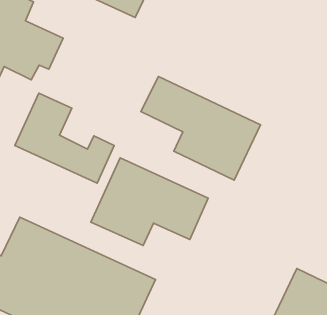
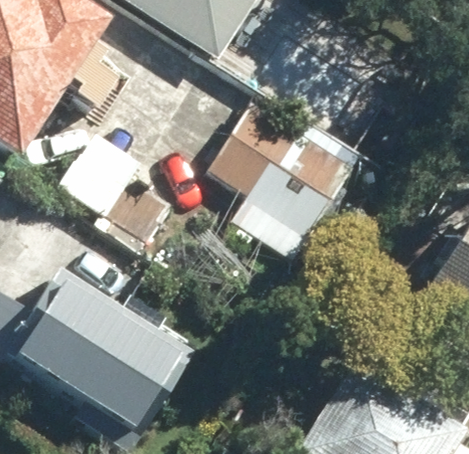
building: [91,158,208,246] -> none

